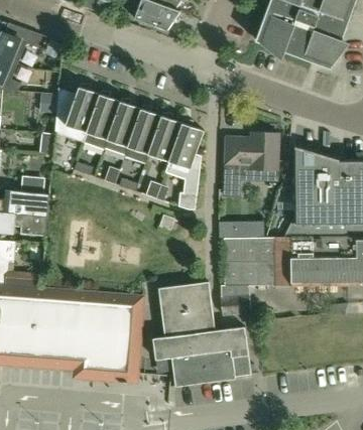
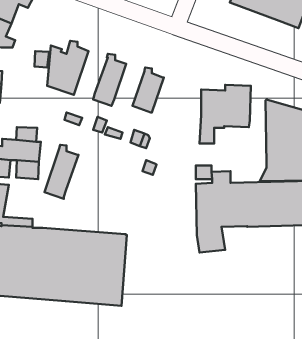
building: [83,90,120,149] -> [45,145,79,199]
building: [124,105,160,161] -> none
building: [164,119,203,193] -> none
building: [152,281,249,385] -> none

